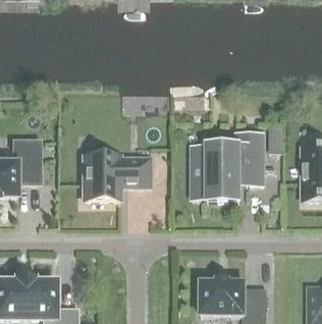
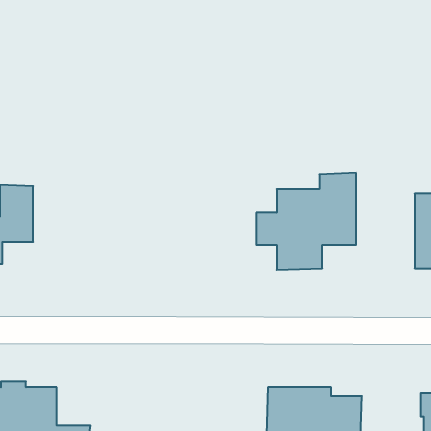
building: [84,154,150,199] -> none

